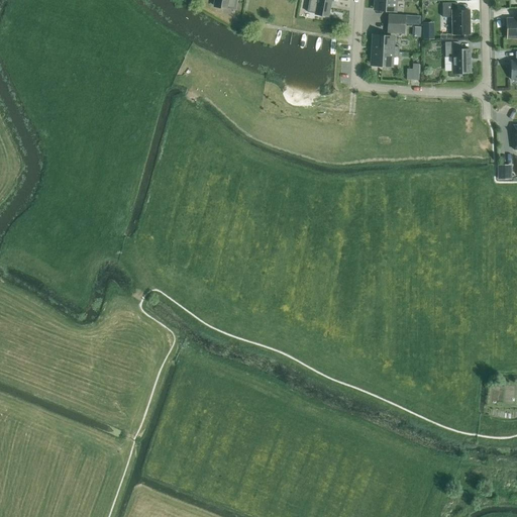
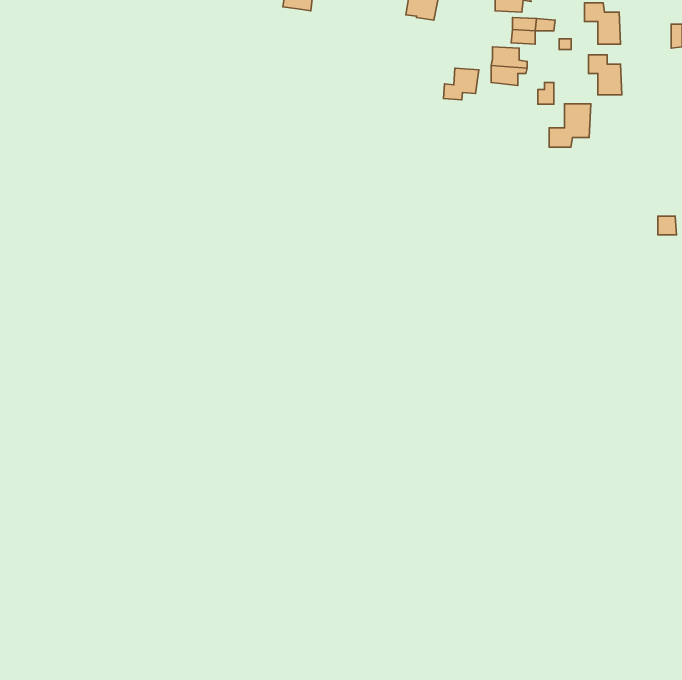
building: none -> [443,68,479,100]
building: none -> [549,104,591,147]

